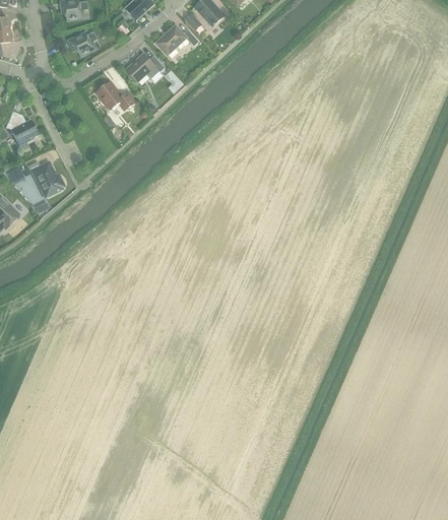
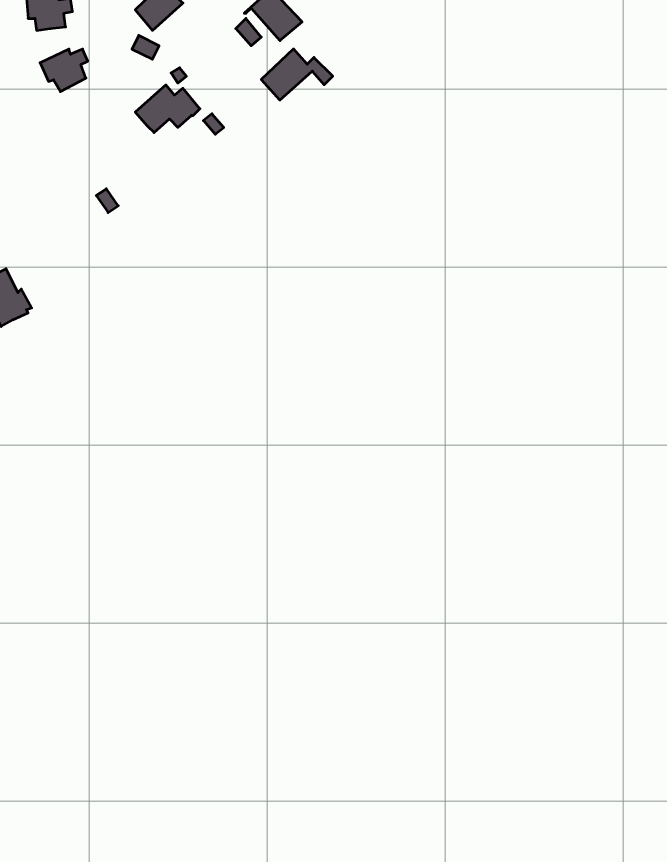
building: [155,23,198,54] -> [261,49,333,100]
building: [97,80,134,109] -> none

